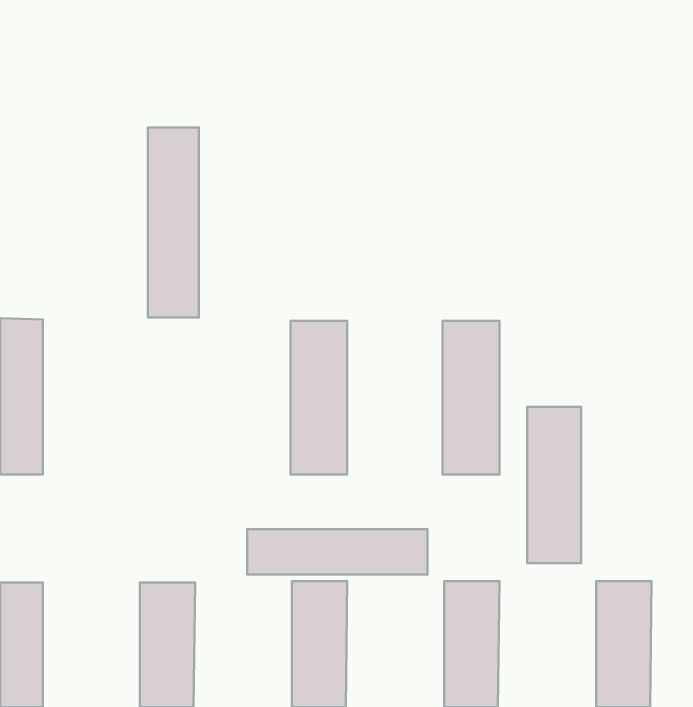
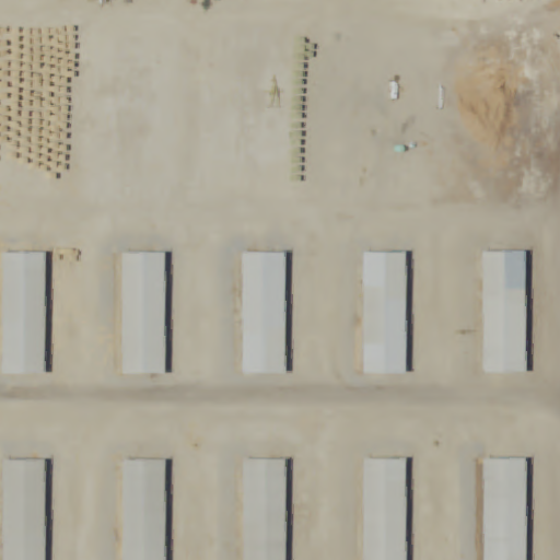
building: [148,128,199,317] -> none
building: none -> [120,254,164,375]
building: [527,407,581,563] -> [481,252,524,375]
building: [247,529,428,575] -> none

